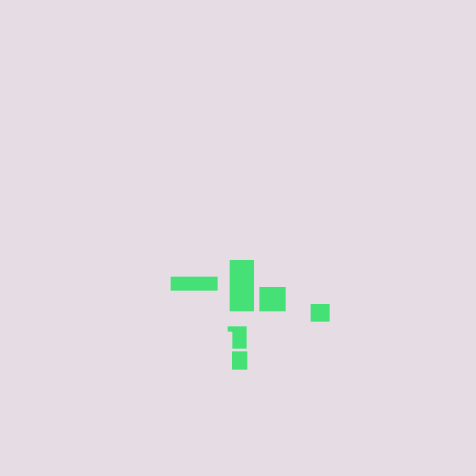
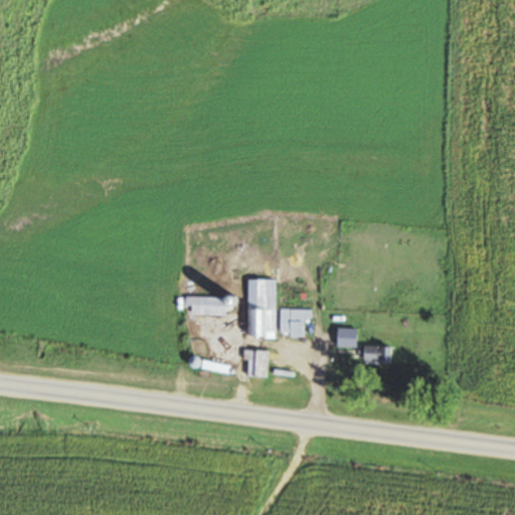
building: none -> [361,346,391,363]
building: [232,350,248,370] -> none

